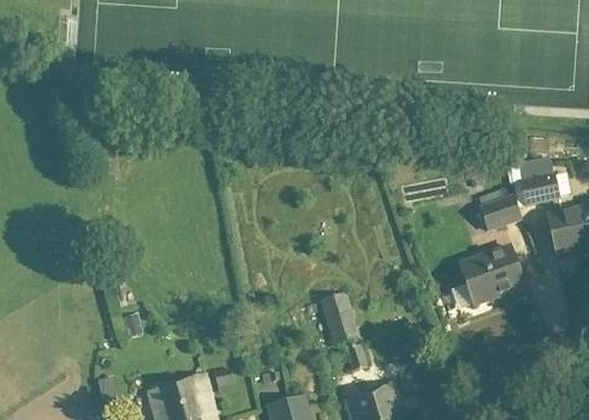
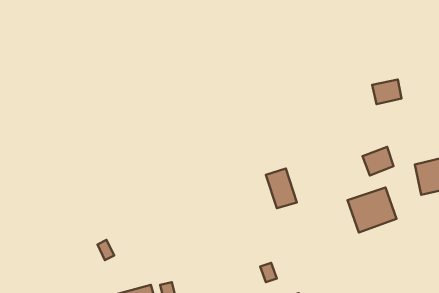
building: [518,169,557,202] -> [372,79,401,104]
building: [317,287,358,338] -> [266,168,297,208]

